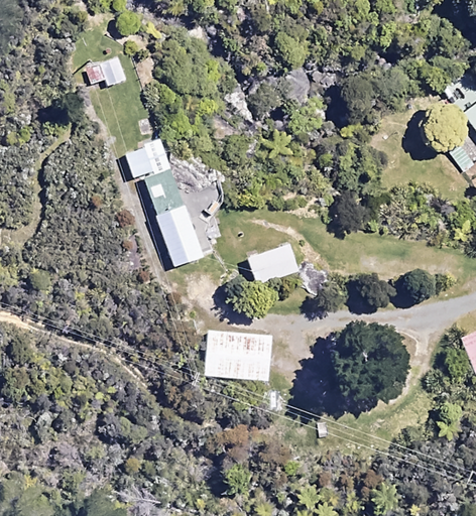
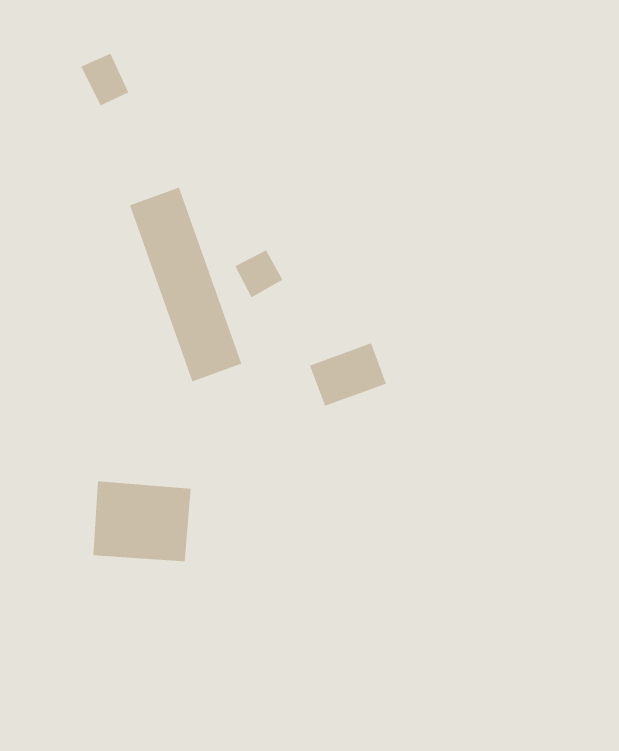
building: [207,326,272,379] -> [92,481,192,562]

